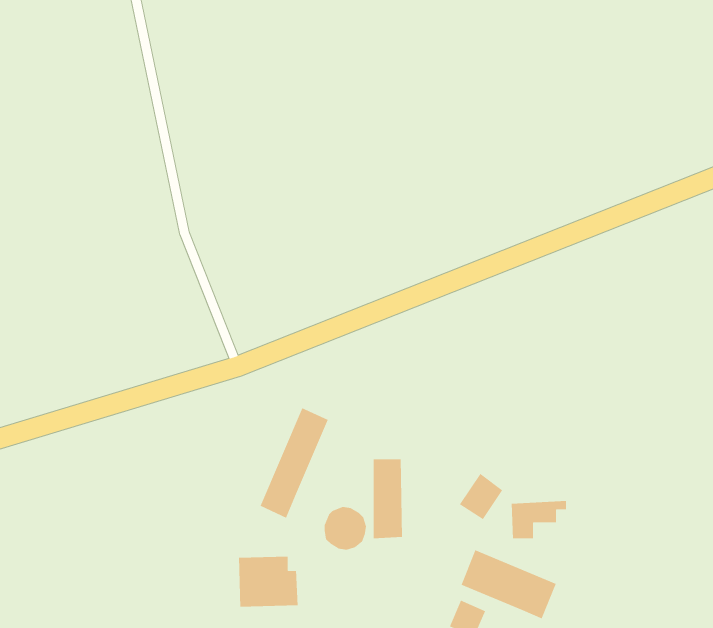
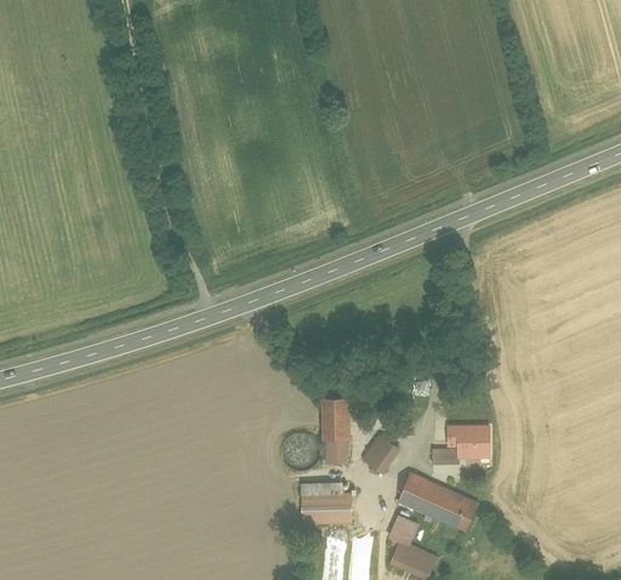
building: [259,407,329,519] -> none
building: [459,473,503,520] -> [363,433,400,473]
building: [238,556,298,607] -> [300,481,351,524]

